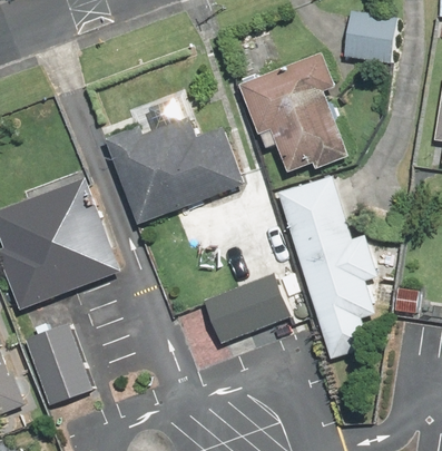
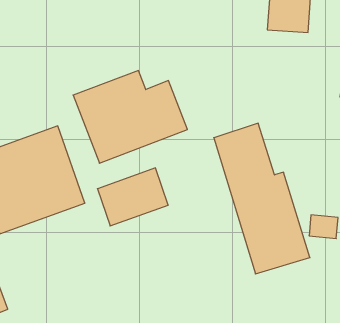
building: [236,51,347,177] -> none
building: [216,265,303,336] -> [97,168,168,226]
building: [22,324,94,405] -> none

